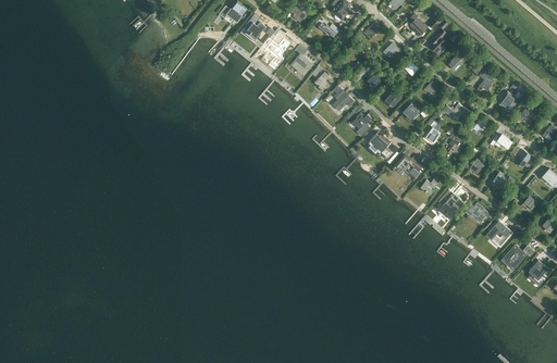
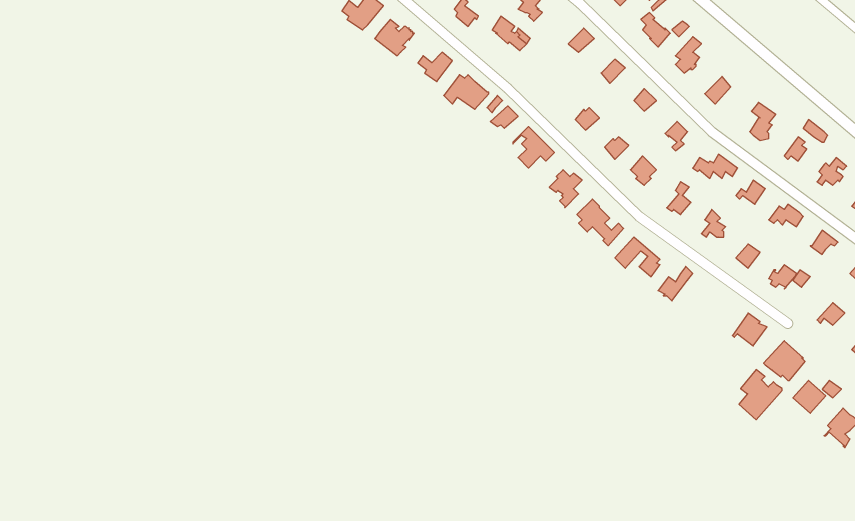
building: [436,190,463,222] -> [739,370,782,420]

